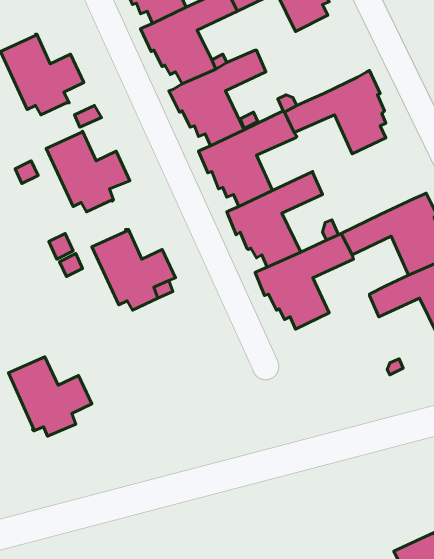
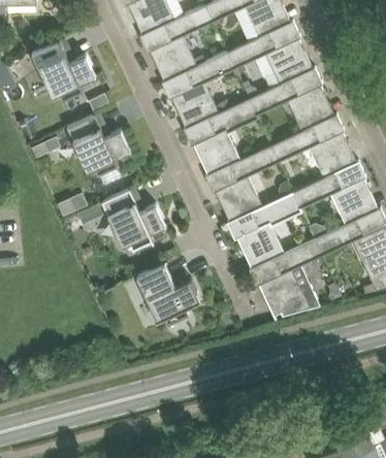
building: none -> [226,21,304,85]
building: none -> [270,114,349,177]
building: none -> [248,238,321,316]
building: [8,357,92,436] -> [136,264,200,325]

